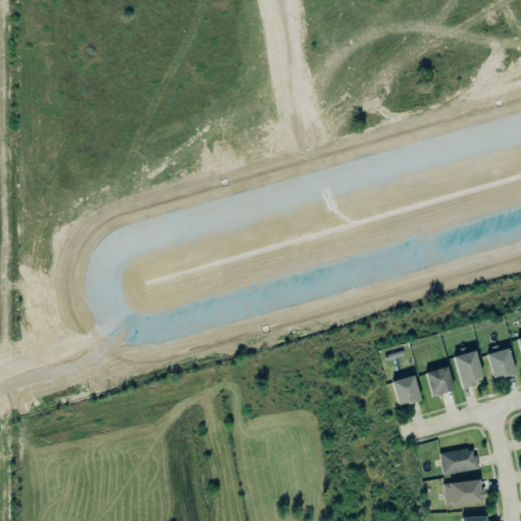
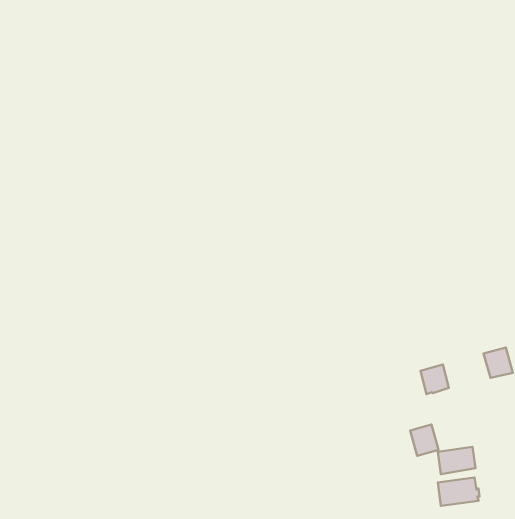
building: [456,351,484,387] -> none
building: [393,374,421,406] -> [410,424,439,456]

